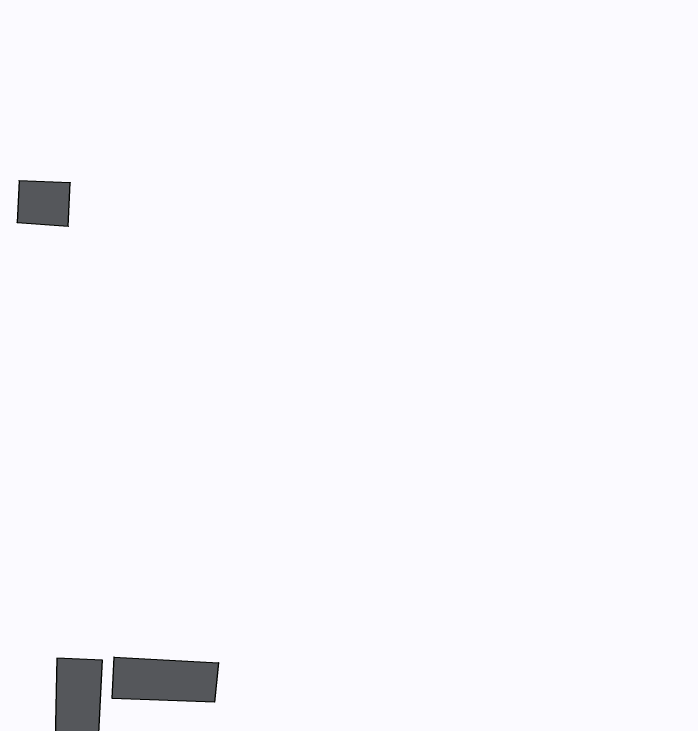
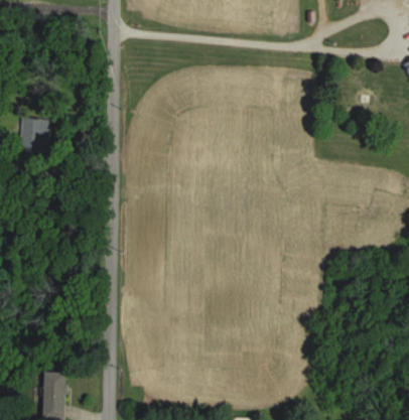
building: [112,657,219,702] -> none

